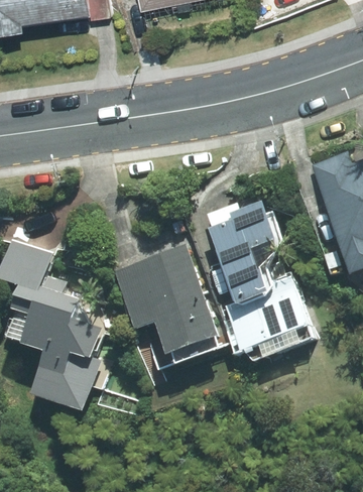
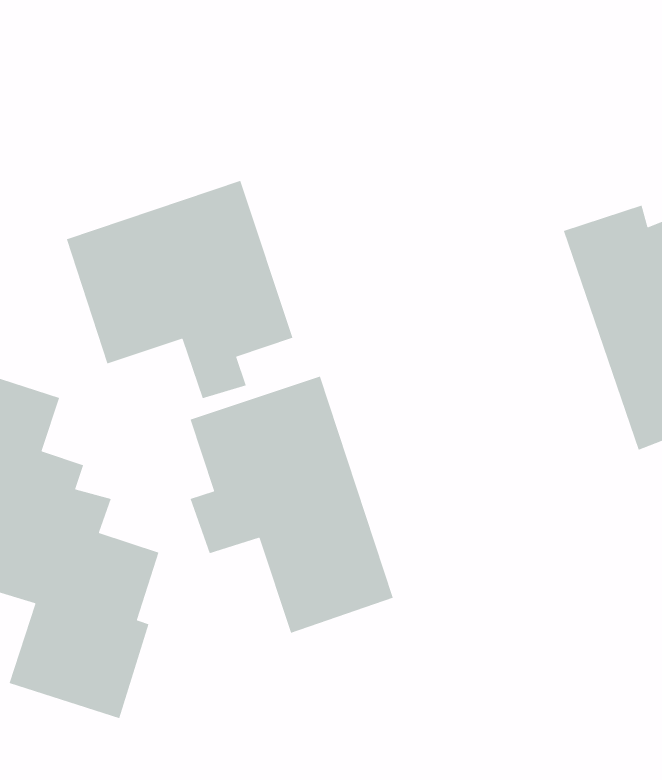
building: none -> [66,180,294,399]
building: [201,195,313,366] -> none

